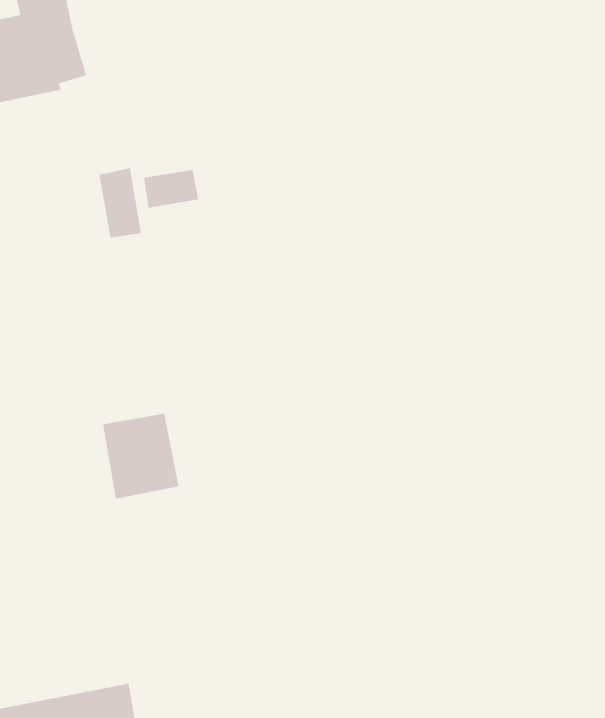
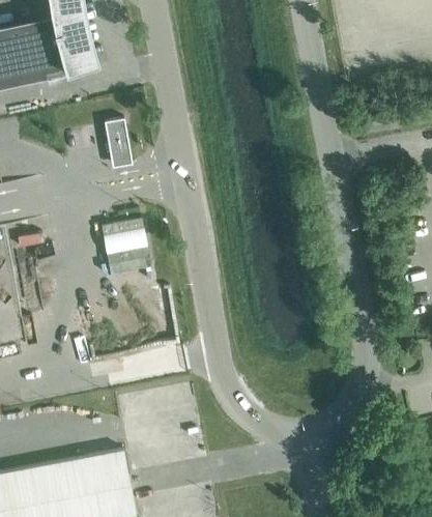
building: [143,169,199,209] -> none
building: [102,413,179,500] -> [102,220,151,276]

